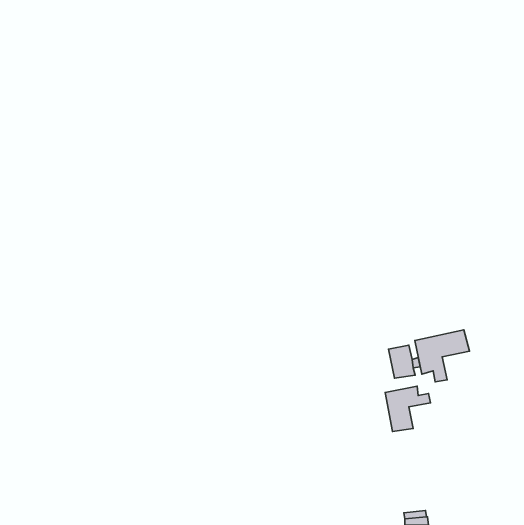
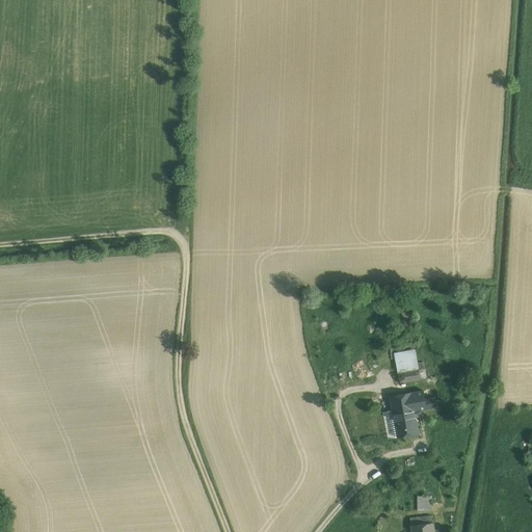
building: [415,330,469,382] -> none

